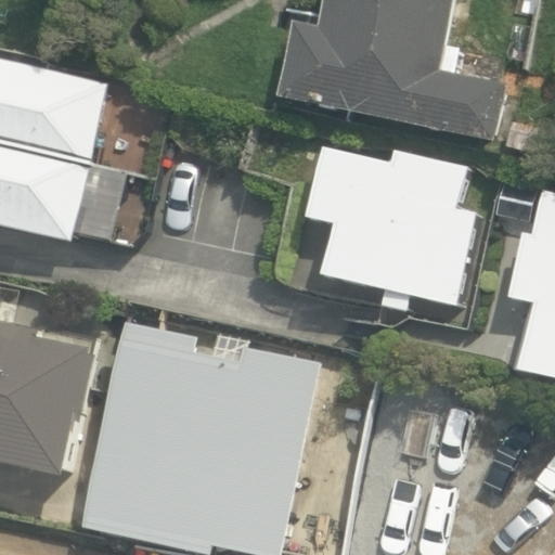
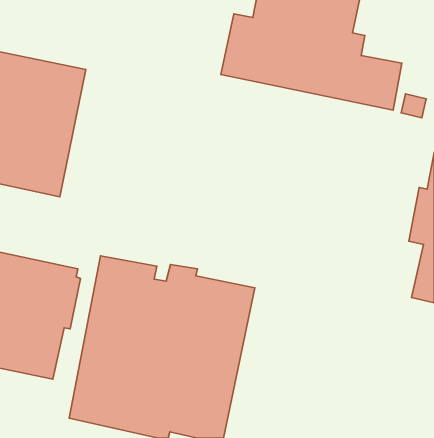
building: [310,150,477,313] -> none

